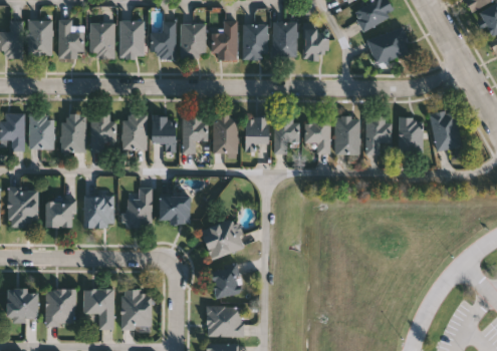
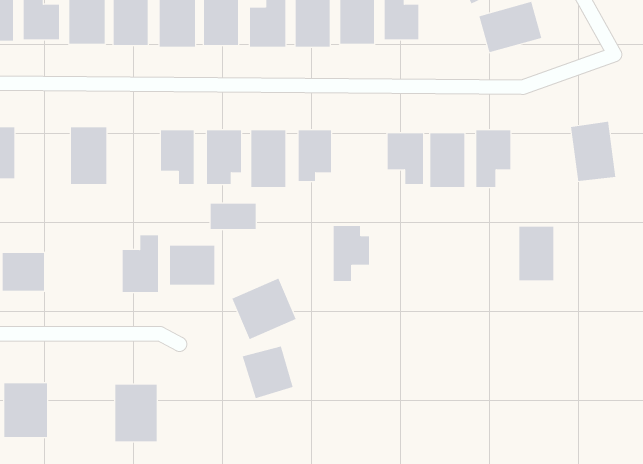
building: [61,114,85,152] -> none
building: [121,116,147,150] -> none
building: [274,116,299,154] -> [333,225,370,282]
building: [398,118,422,155] -> [519,226,554,281]
building: none -> [210,203,256,230]
building: [83,195,112,226] -> none
building: [83,287,113,328] -> none
building: [205,305,241,335] -> none

